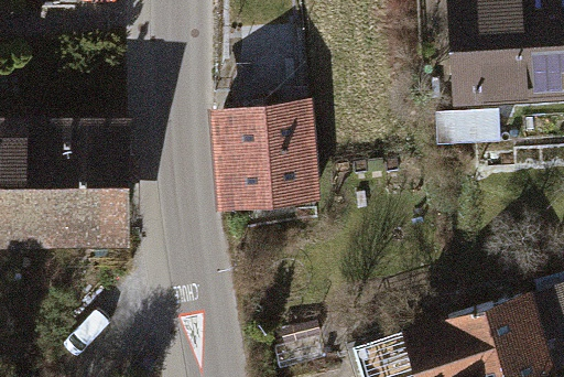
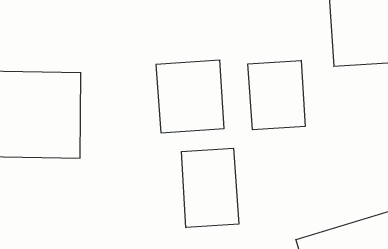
building: none -> [248,60,305,130]
building: none -> [181,148,239,228]

